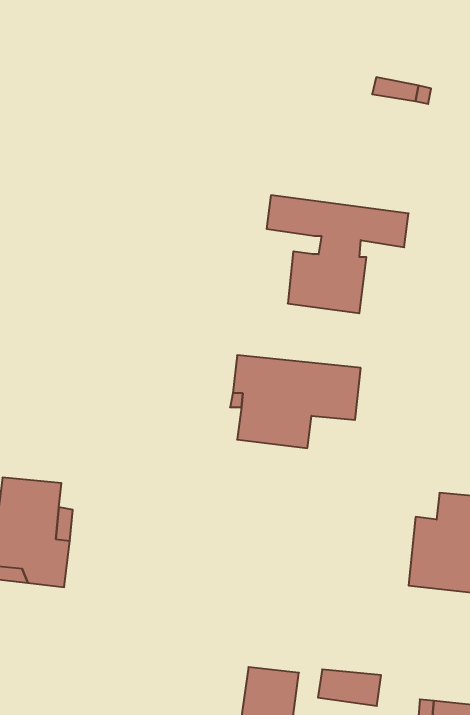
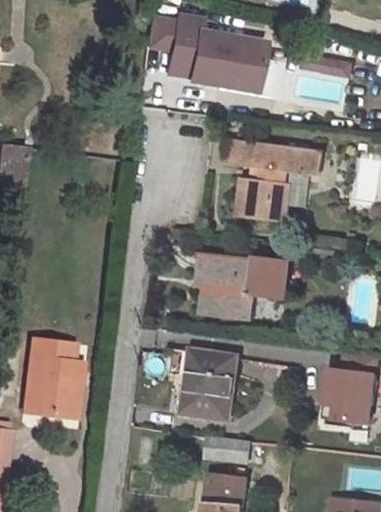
building: none -> [145,13,262,84]
building: none -> [183,351,236,419]
building: [318,669,381,706] -> [205,435,250,461]

